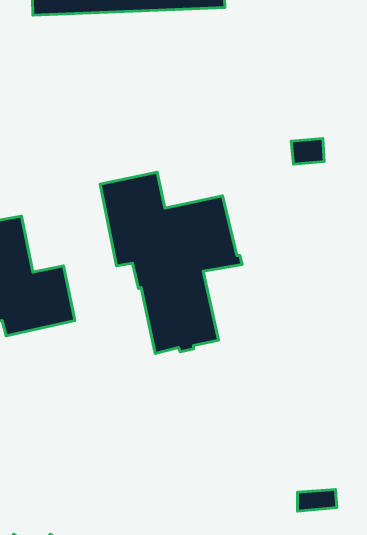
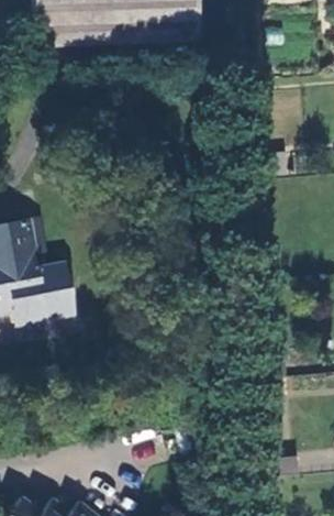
building: [100,172,242,354] -> none

